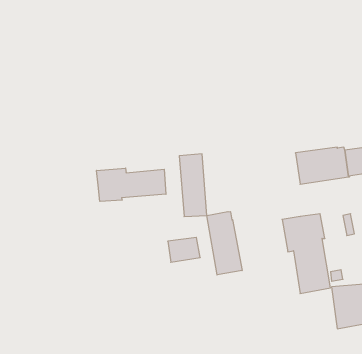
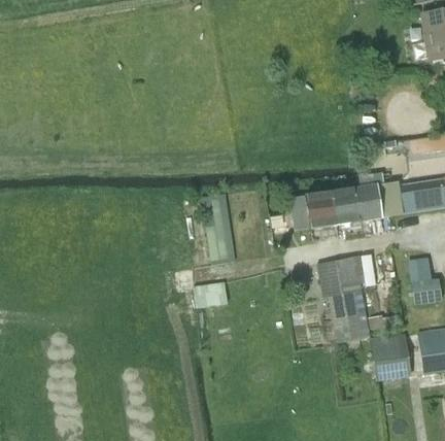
building: none -> [289,190,336,234]
building: [97,168,166,201] -> none
building: [207,212,242,275] -> none

